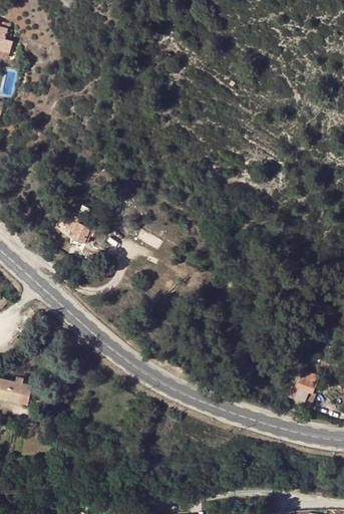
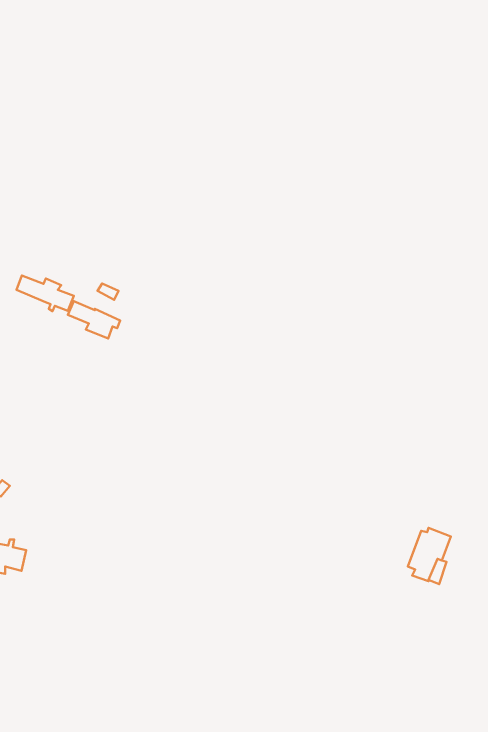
building: none -> [16,276,74,311]

